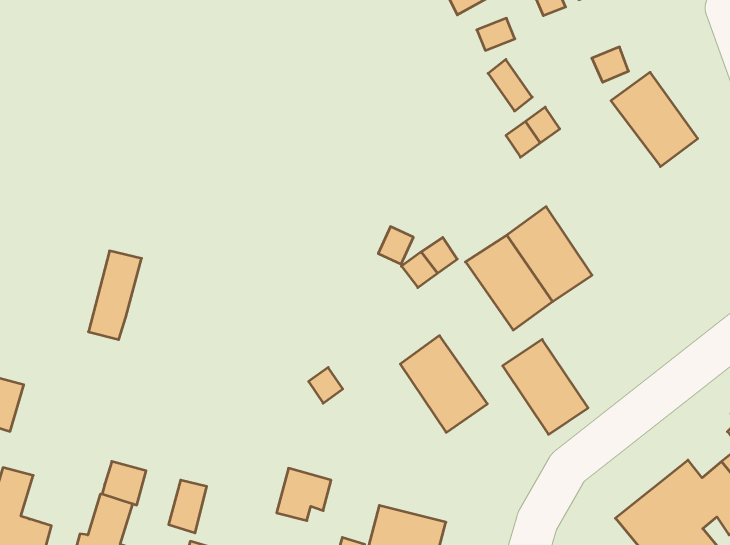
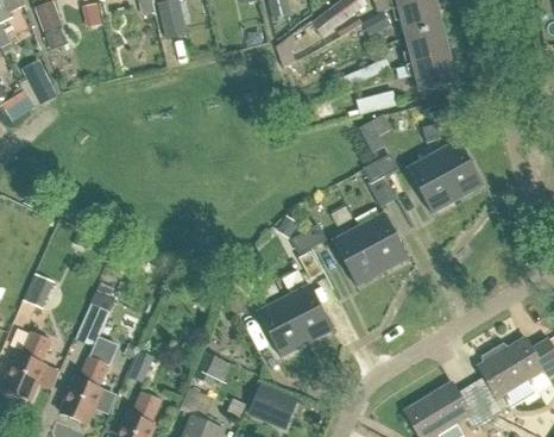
building: none -> [405,154,457,212]
building: [88,251,142,340] -> [76,293,114,348]
building: [503,339,588,434] -> [257,298,306,356]

